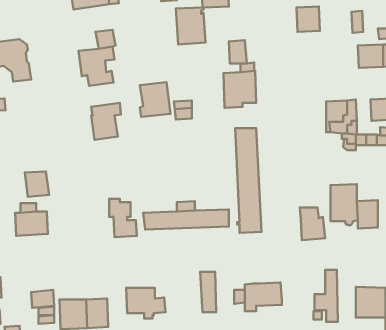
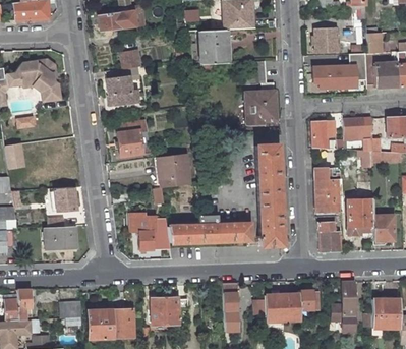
building: none -> [312,54,367,90]
building: [140,82,171,117] -> [161,154,190,187]
building: none -> [312,121,336,149]
building: none -> [314,169,342,212]
building: none -> [300,290,320,310]

